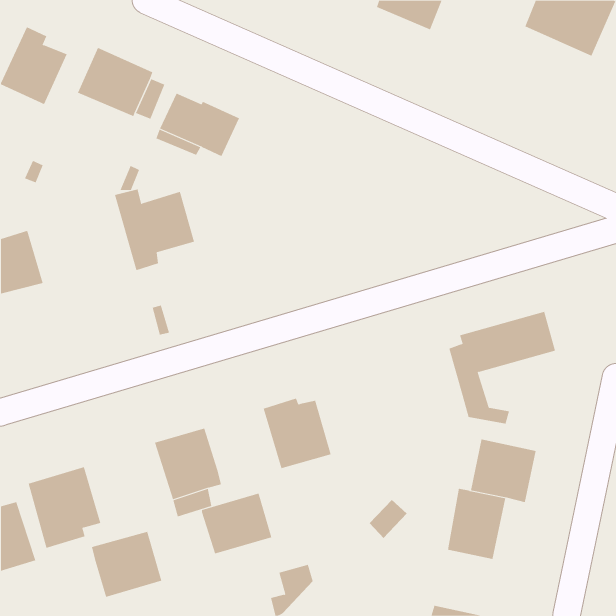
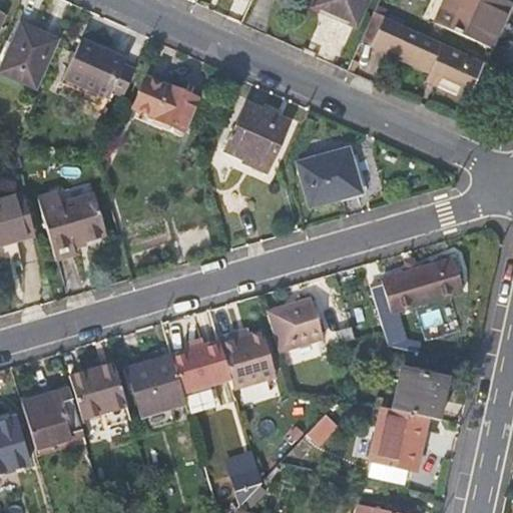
building: none -> [363,11,486,99]
building: none -> [225,101,290,168]
building: none -> [297,148,361,206]
building: [114,189,195,271] -> [38,190,105,259]
building: none -> [268,295,323,348]
building: [201,493,272,554] -> [170,340,229,391]
building: [91,531,162,598] -> [67,363,126,418]

